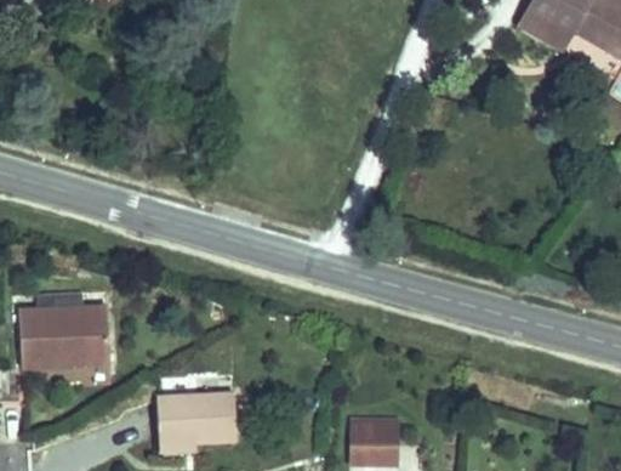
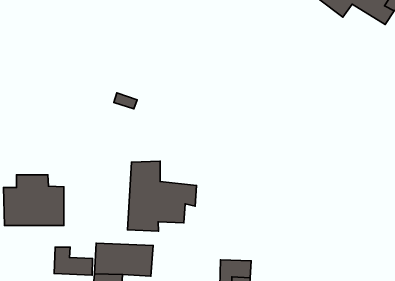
building: none -> [127,161,196,231]
building: none -> [54,247,92,275]

